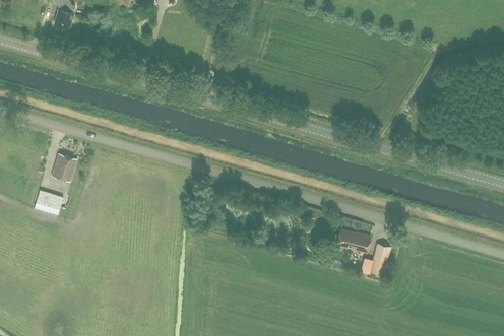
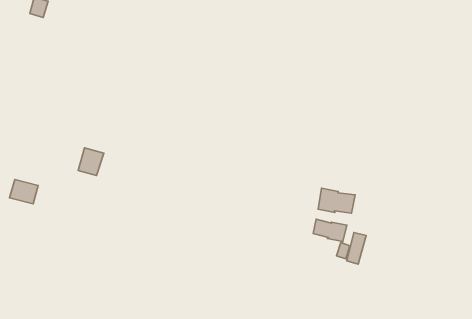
building: [52,154,77,182] -> [78,148,104,175]
building: none -> [318,188,355,213]

